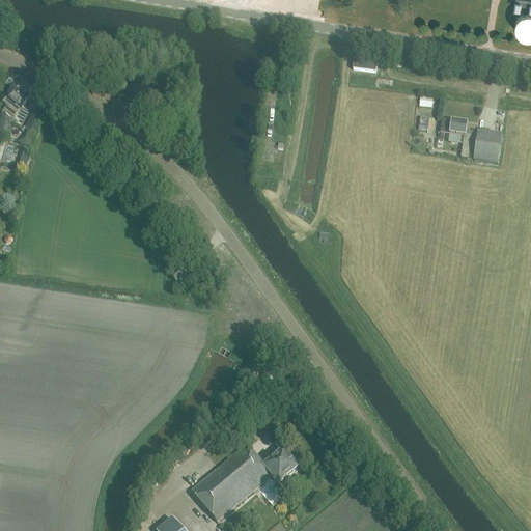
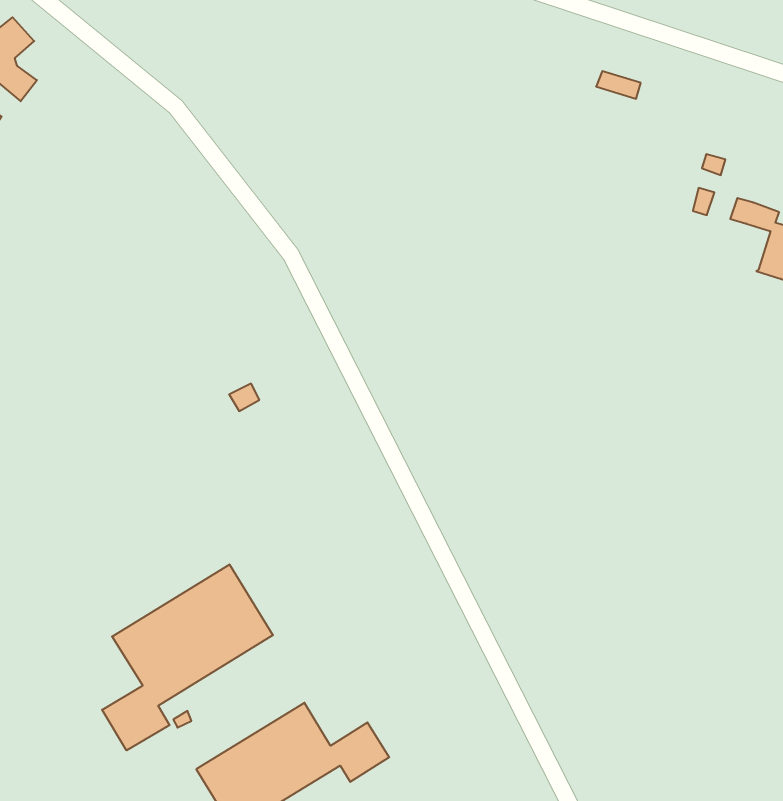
building: none -> [102,564,273,750]

